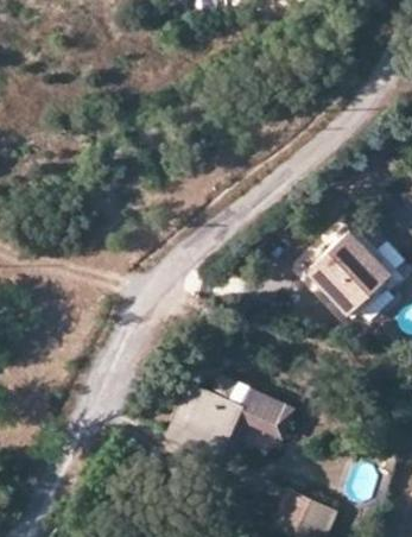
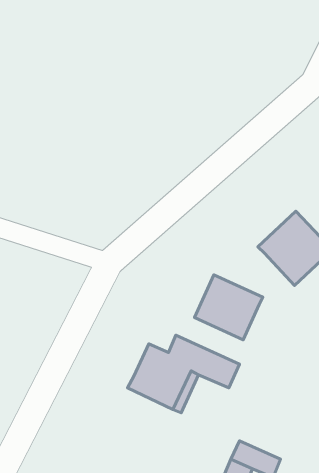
building: none -> [194,275,263,340]

